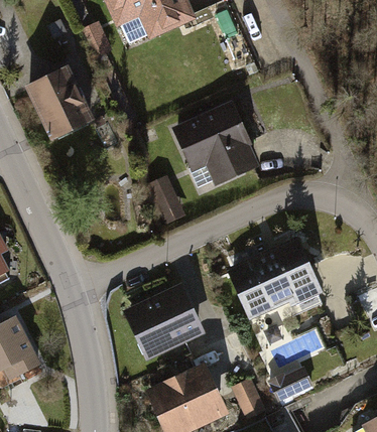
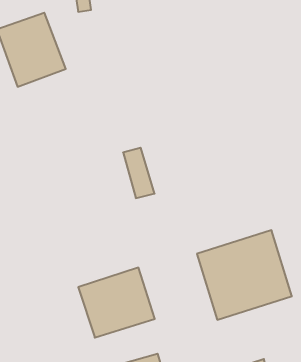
building: [177,105,257,183] -> none

